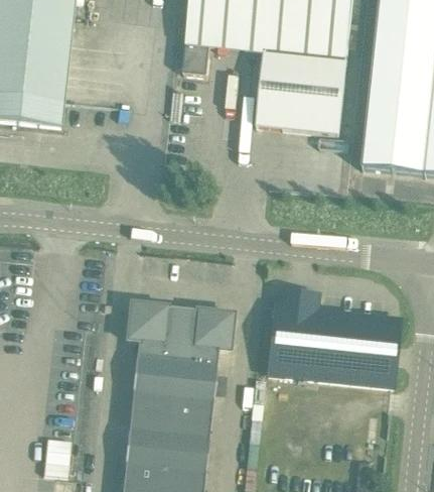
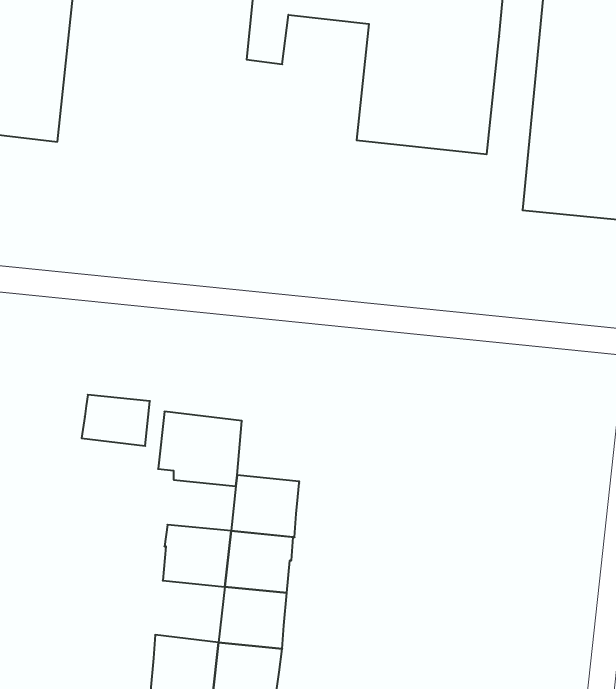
building: [266,290,399,389] -> none
building: [177,310,232,352] -> none
building: [132,348,176,381] -> [82,395,150,446]
building: [124,413,169,454] -> none

